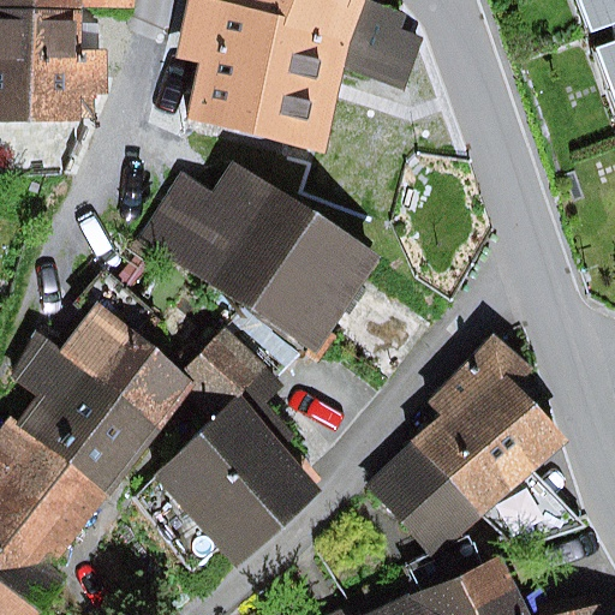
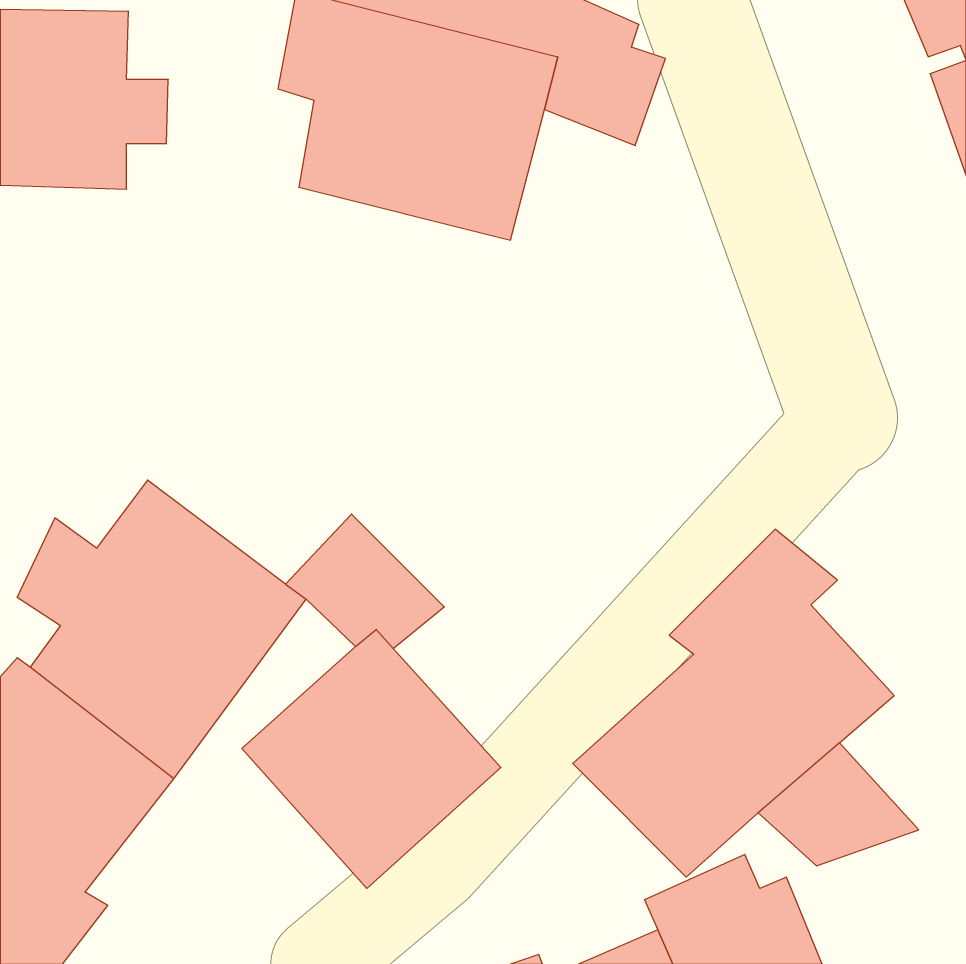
building: [139,156,375,351] -> none

